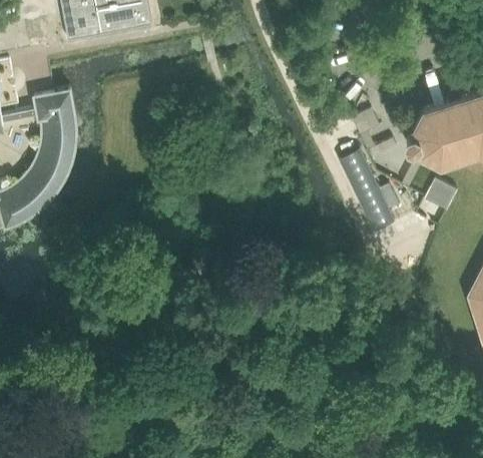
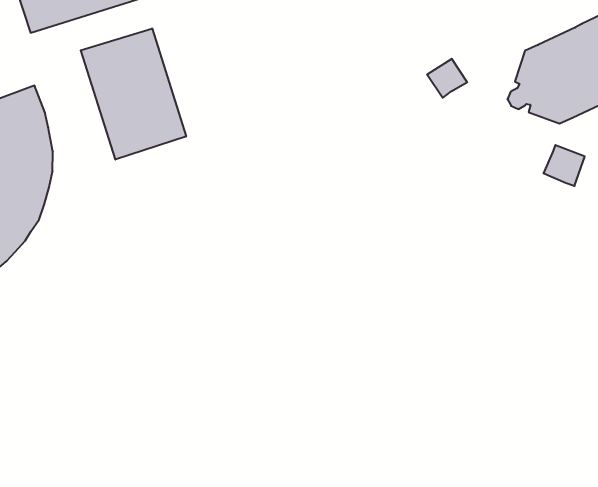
building: none -> [81,28,186,160]
building: [340,150,396,232] -> none

